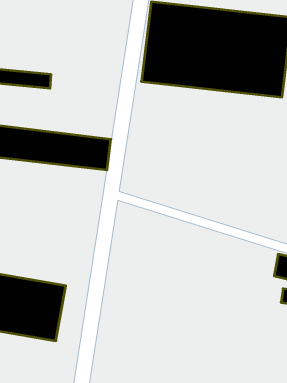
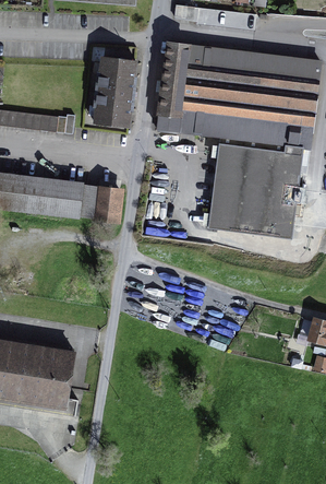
building: none -> [89,60,134,128]
building: none -> [209,134,304,234]

